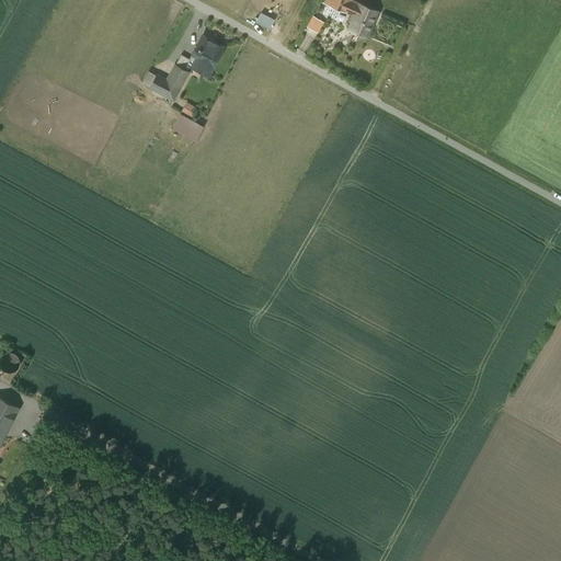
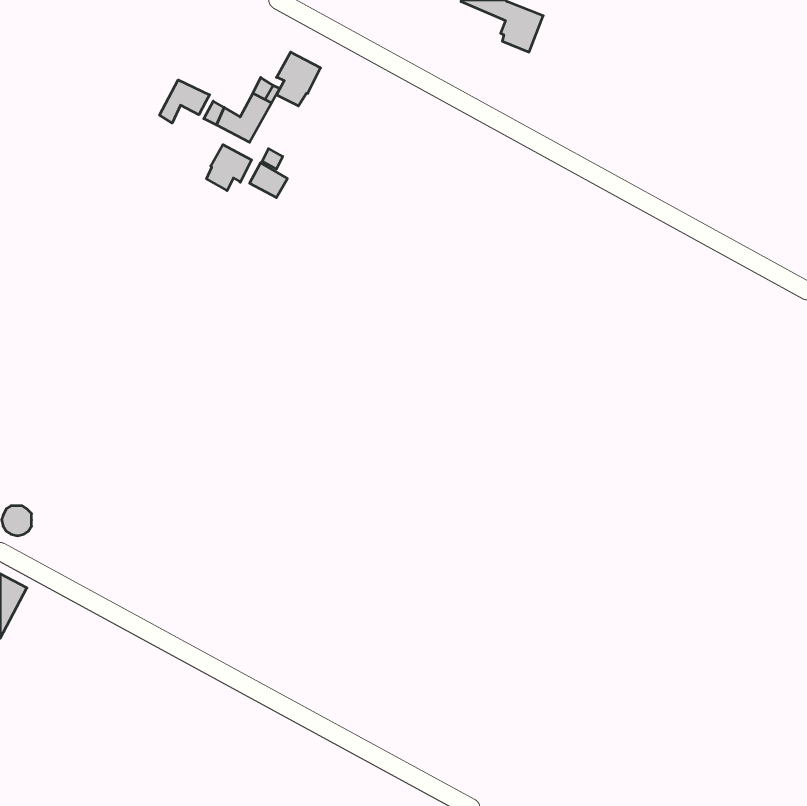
building: none -> [160,80,210,123]
building: none -> [207,145,252,191]

